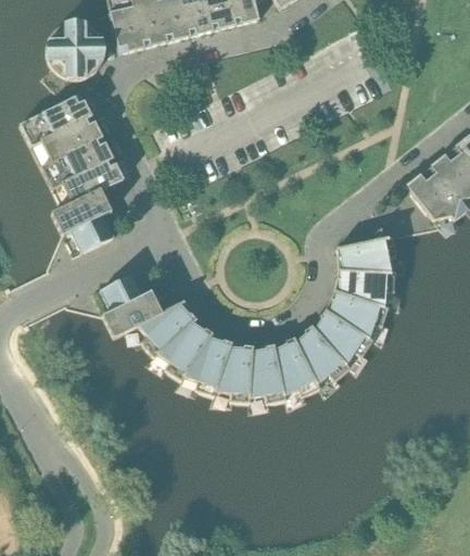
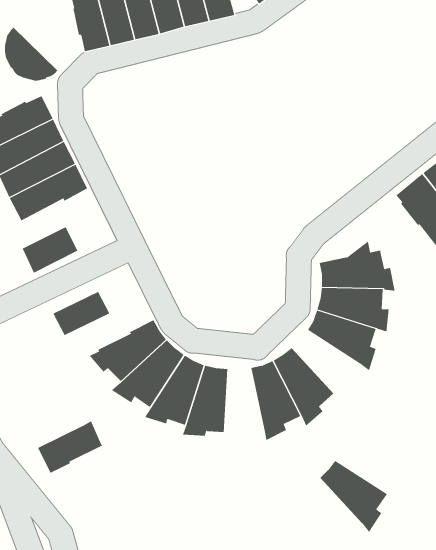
building: [55,20,105,68] -> none
building: [52,187,113,232] -> none
building: [102,288,163,337] -> [37,421,103,474]
building: [312,307,374,375] -> [320,460,388,533]
building: [250,342,285,412] -> none

